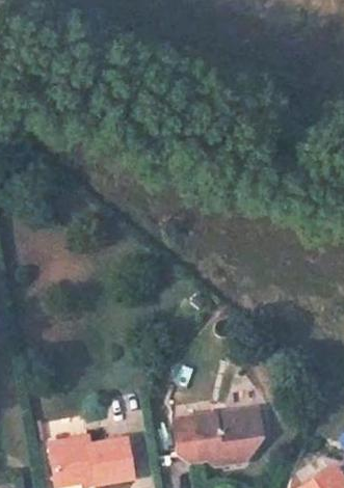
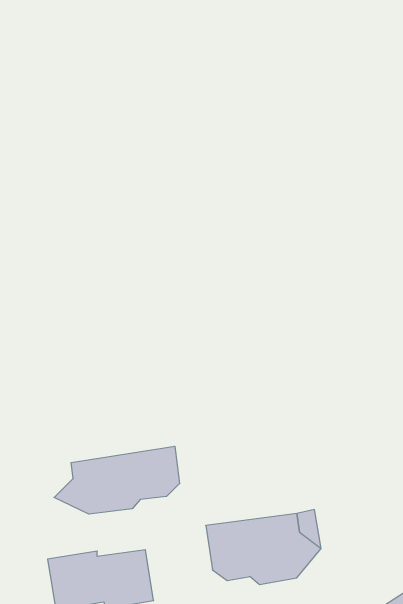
building: none -> [54,446,180,514]

